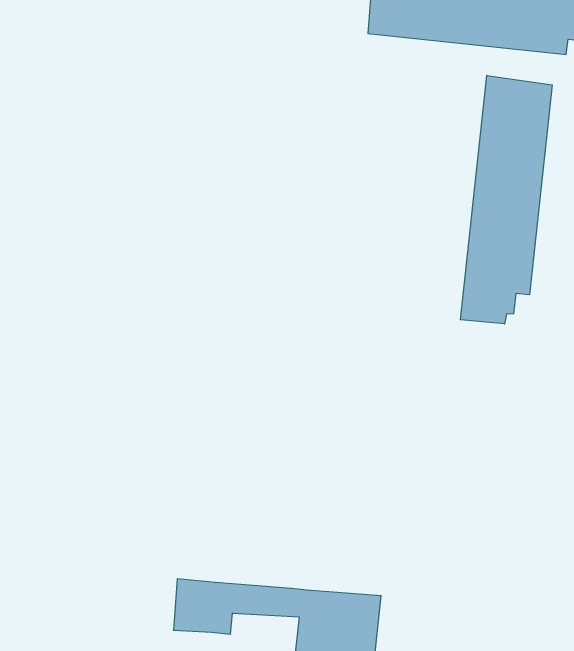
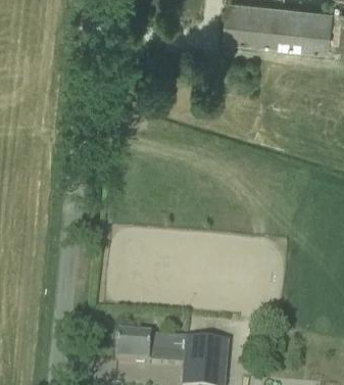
building: [461,75,552,324] -> none

